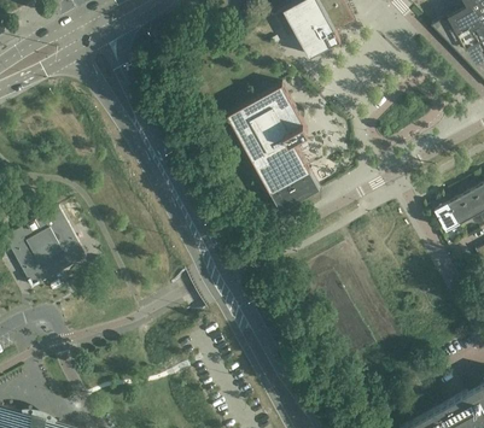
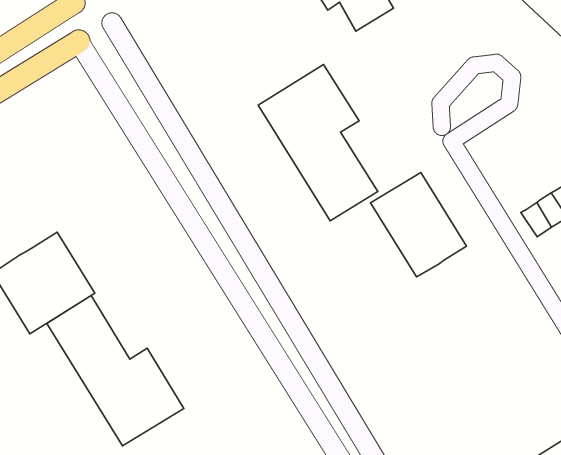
building: none -> [371,172,467,277]
building: none -> [47,296,184,446]

